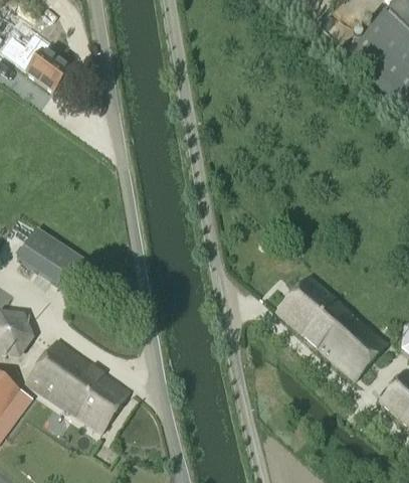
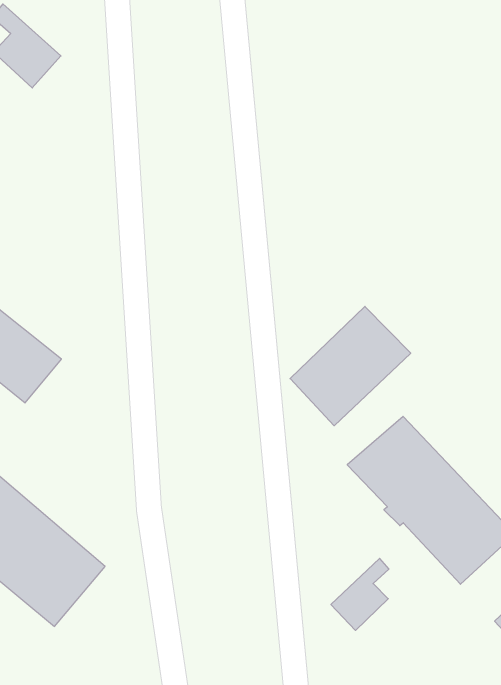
building: none -> [290,306,411,426]
building: none -> [331,558,389,630]

